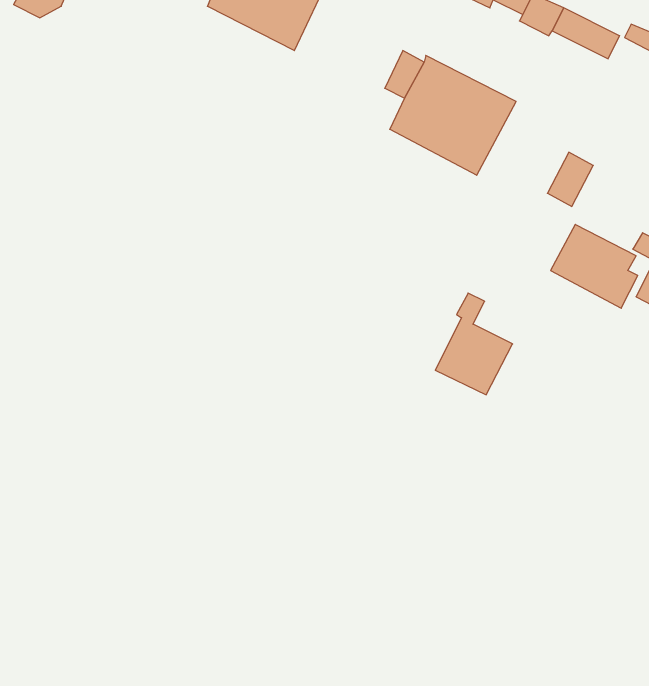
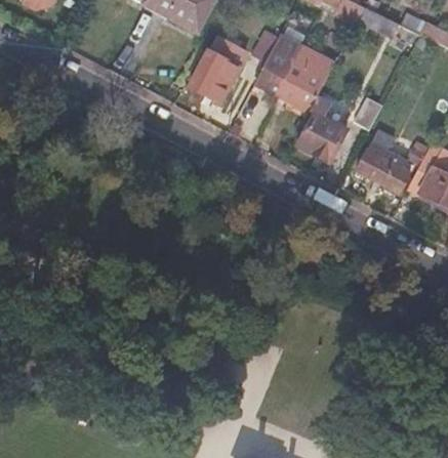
building: none -> [190,33,239,101]
building: [435,293,513,395] -> [298,97,347,161]

